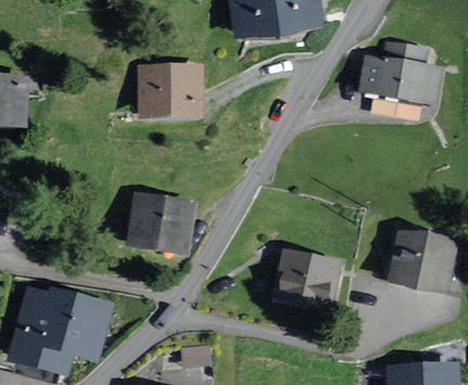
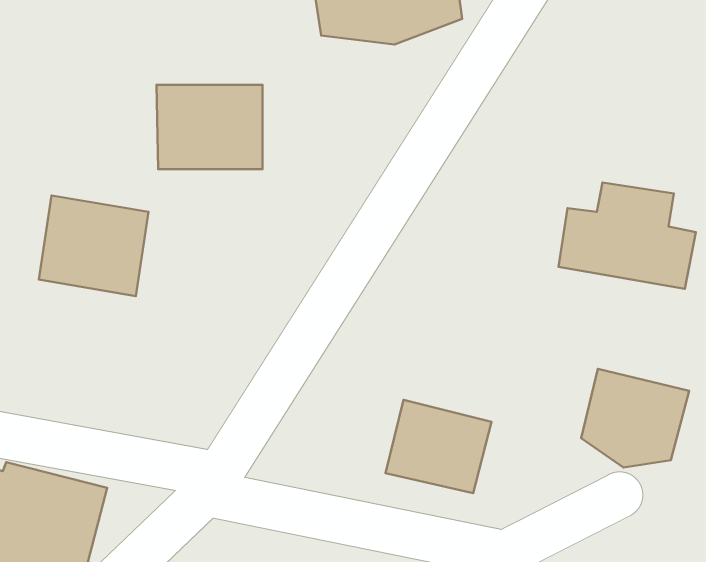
building: [360,39,441,102] -> [558,183,696,289]
building: [129,193,194,253] -> [39,195,149,296]

